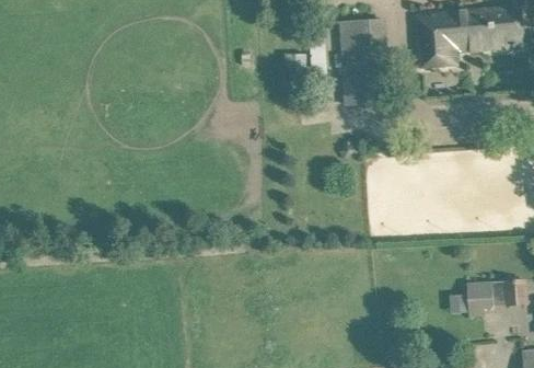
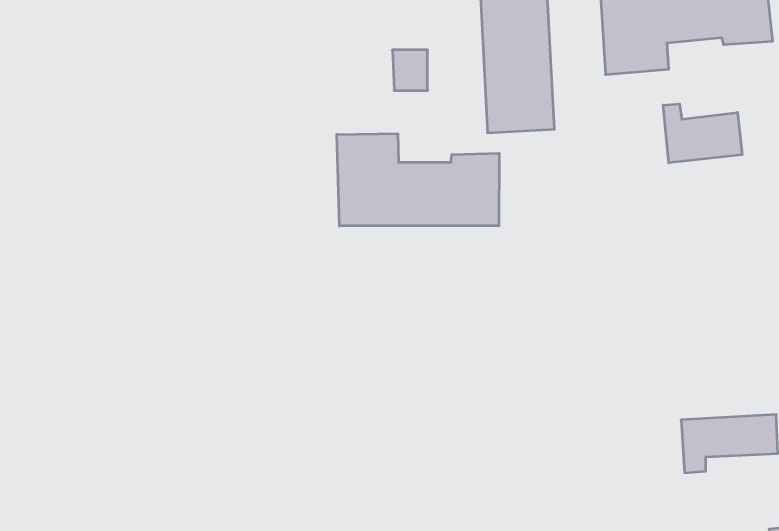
building: none -> [663,104,742,163]
building: none -> [337,134,499,226]

